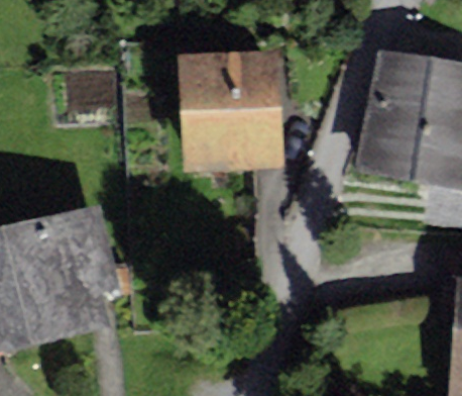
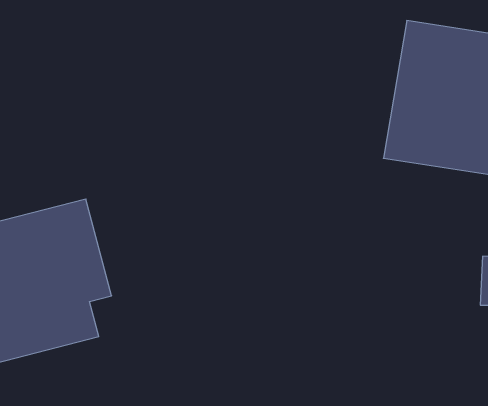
building: [179,50,284,171] -> none

